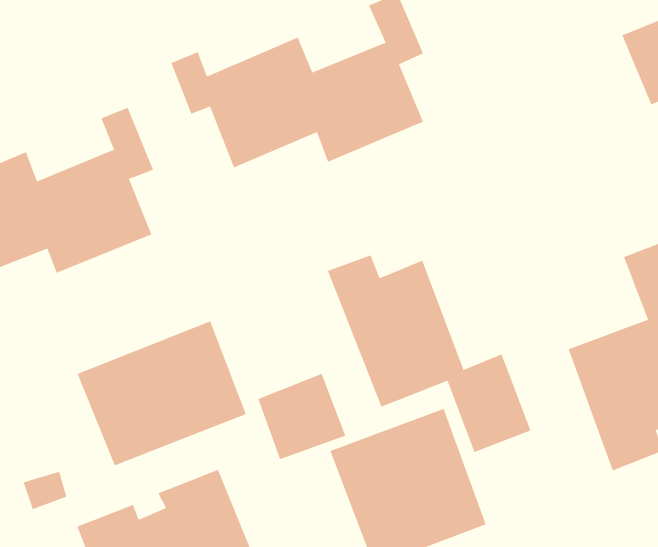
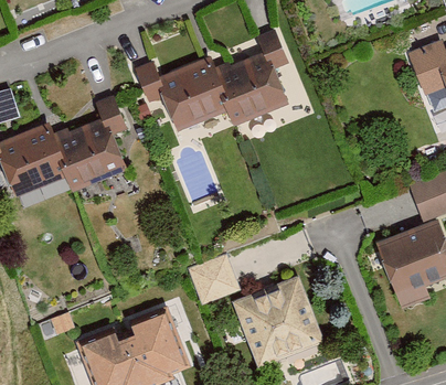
building: [327,255,531,453] -> none
building: [77,321,246,466] -> none

